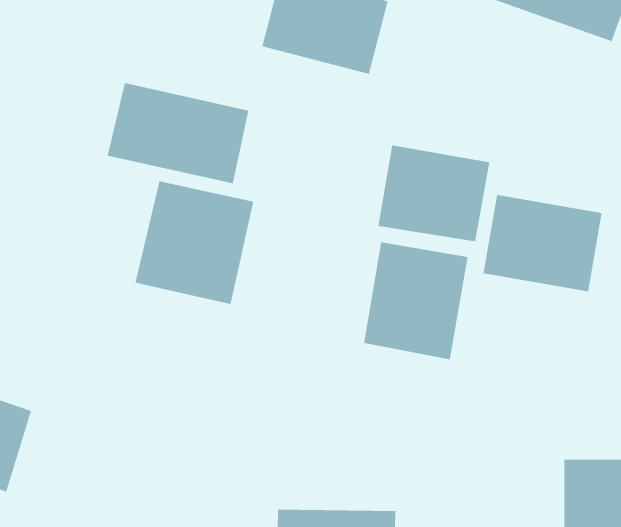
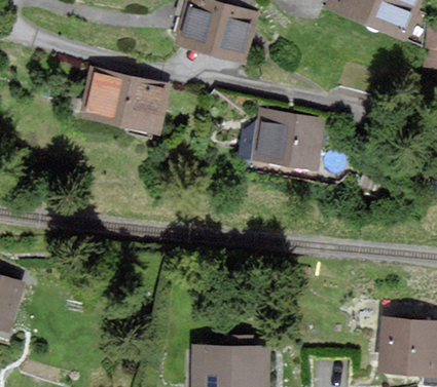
building: [135,180,254,305] -> none
building: [483,194,602,292] -> none
building: [364,242,468,360] -> none

